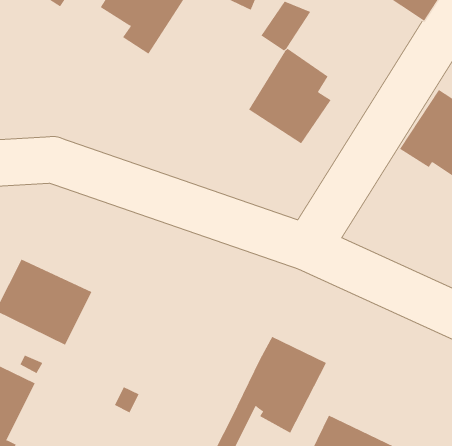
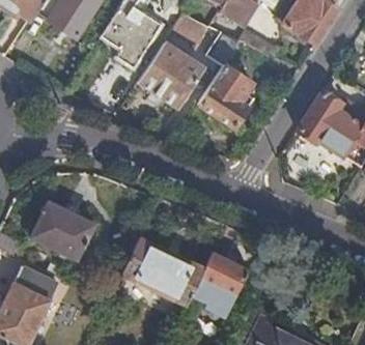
building: none -> [138,41,202,107]
building: none -> [122,237,205,307]

